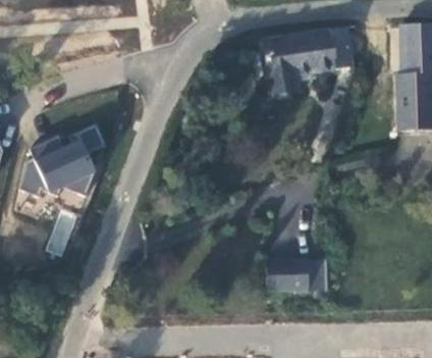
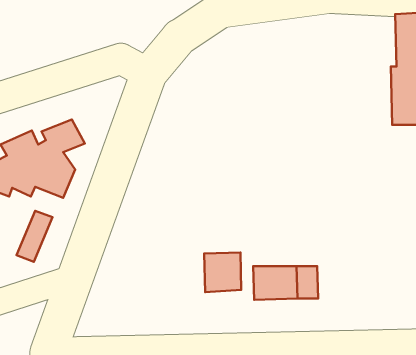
building: [262,27,353,94] -> none
building: none -> [204,252,241,292]

